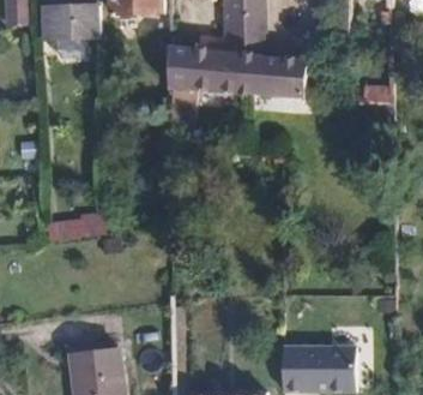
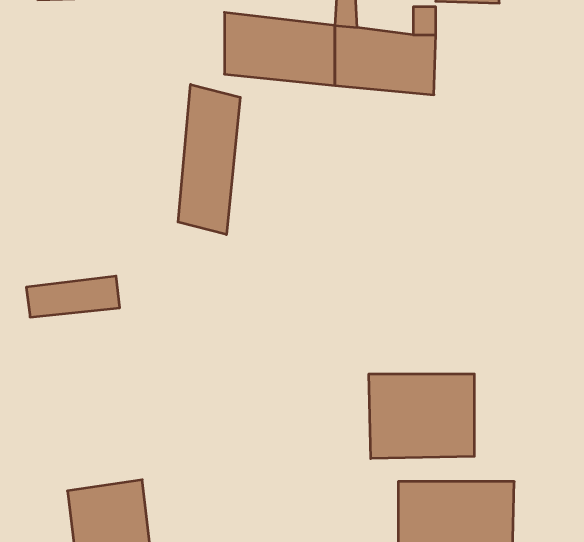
building: none -> [178,84,240,235]
building: none -> [369,374,474,459]

